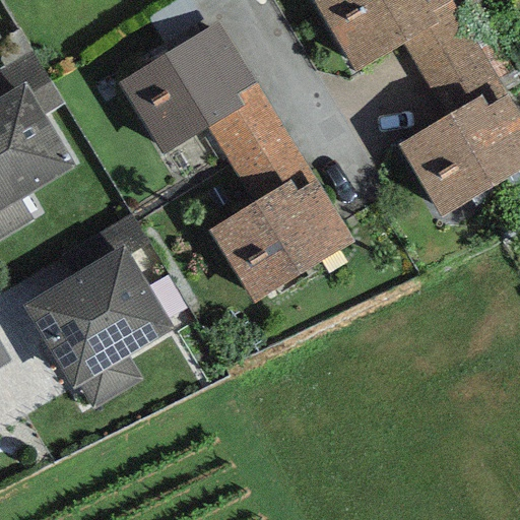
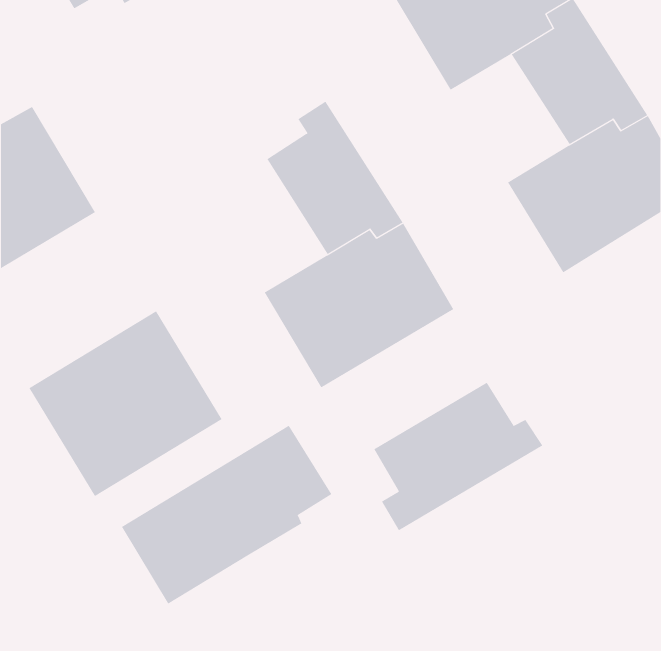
building: [118,20,256,153] -> none
building: none -> [373,382,543,531]
building: none -> [121,425,332,605]

